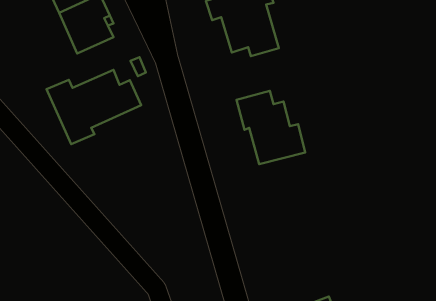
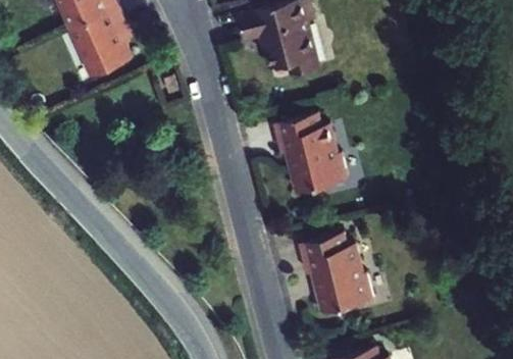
building: [46,70,141,144] -> none
building: none -> [297,230,379,317]

